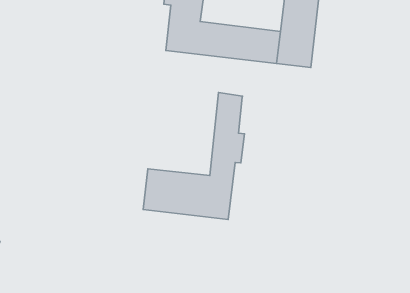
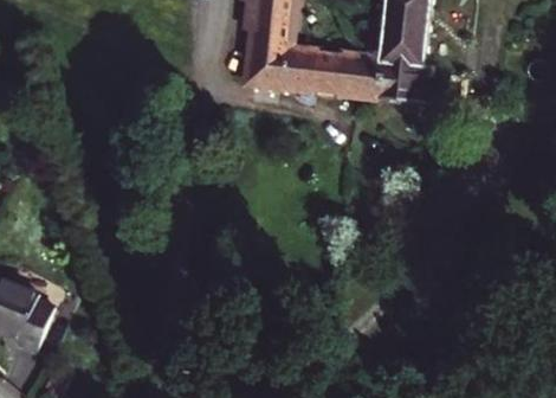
building: [143,92,245,220] -> none

